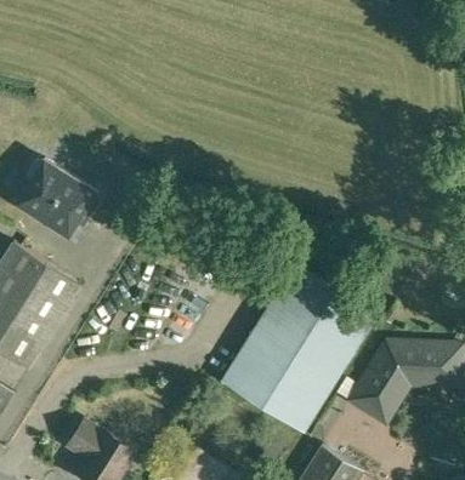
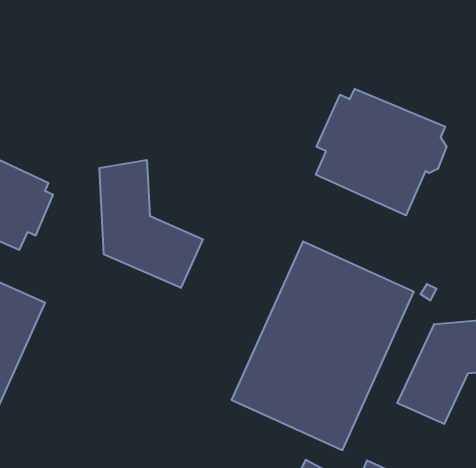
building: none -> [316,89,447,215]
building: none -> [100,160,203,288]

